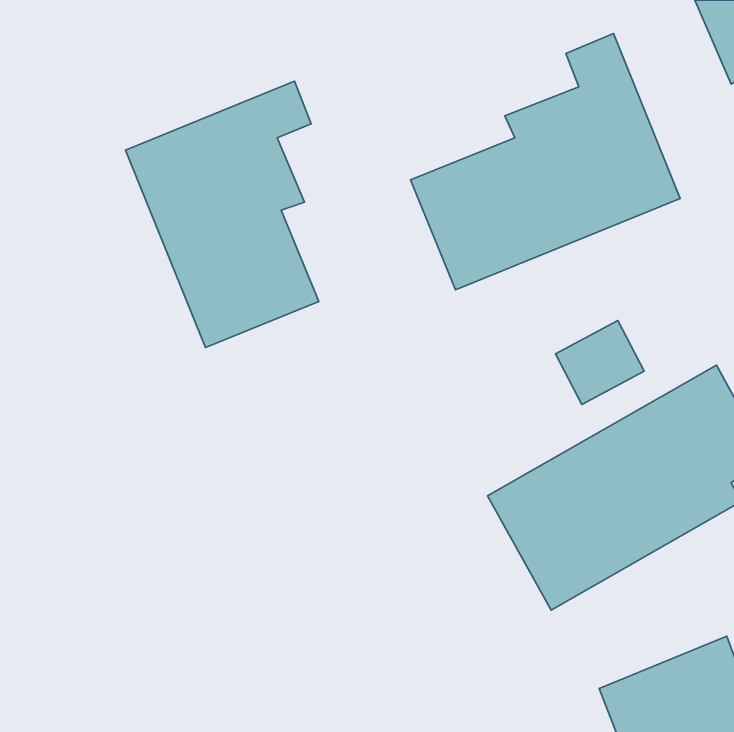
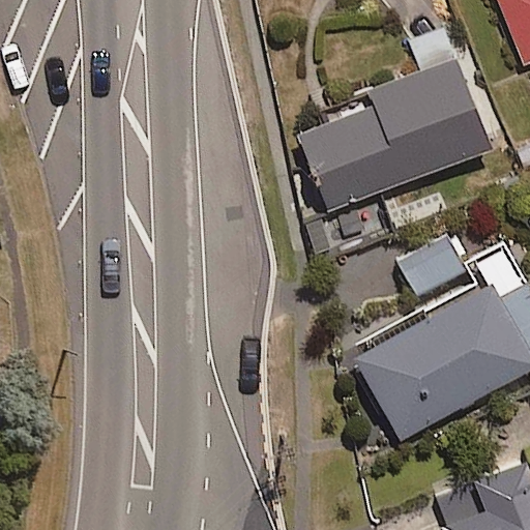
building: [125,81,319,347] -> none

